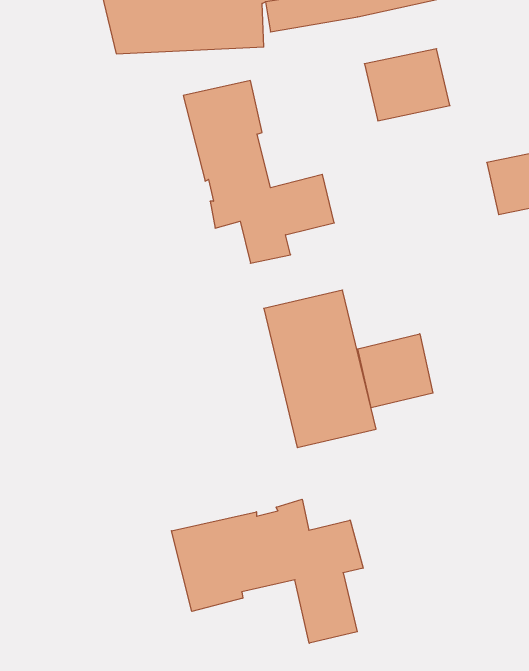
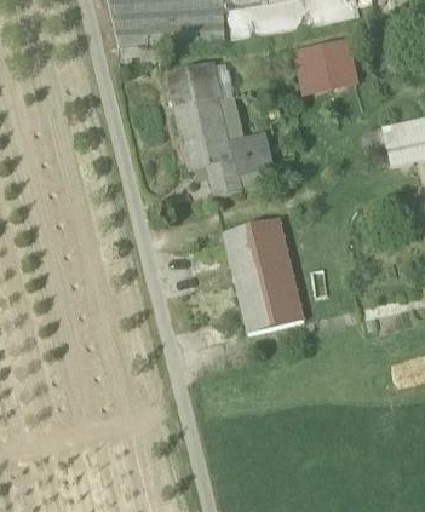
building: [358,334,433,408] -> none
building: [171,499,363,643] -> none

